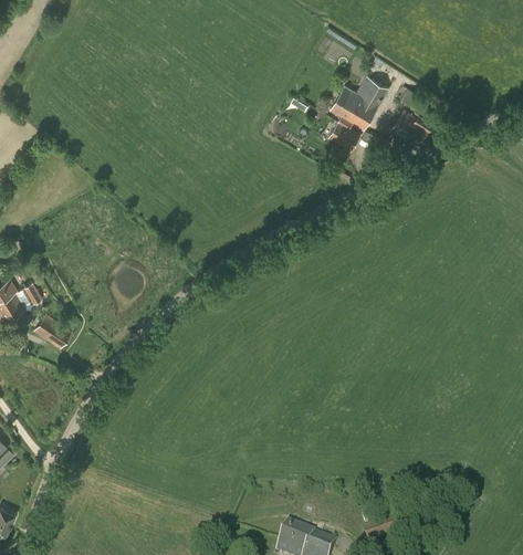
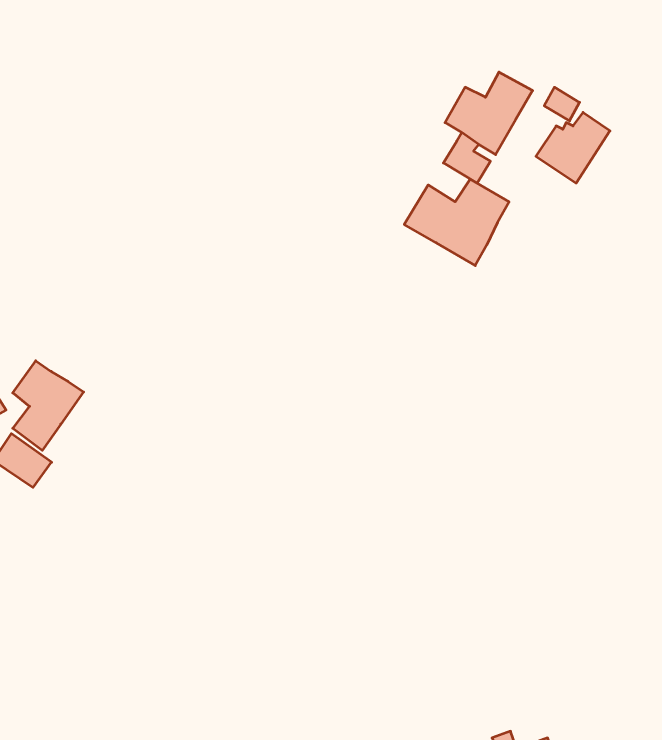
building: none -> [404,179,509,266]
building: none -> [13,361,84,450]

